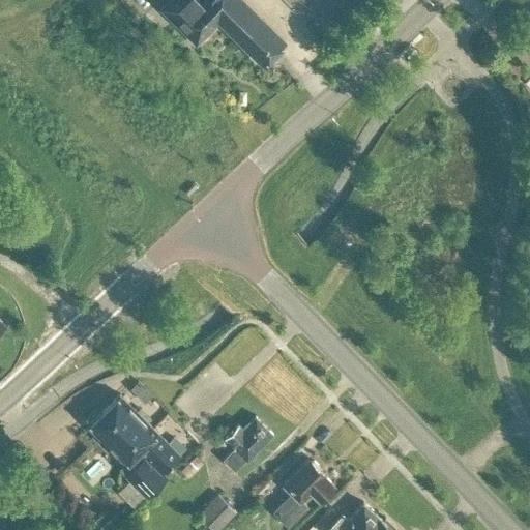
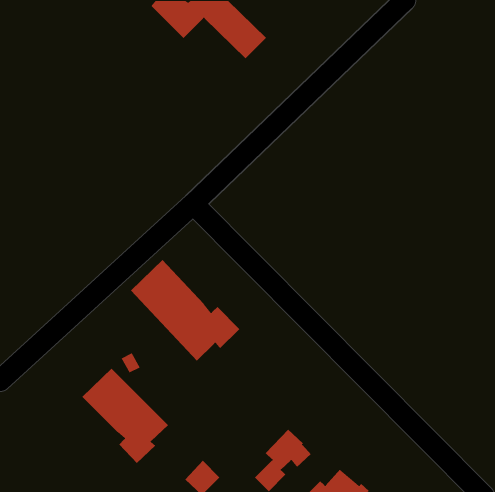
building: none -> [130,259,240,362]
building: [223,419,273,473] -> none

